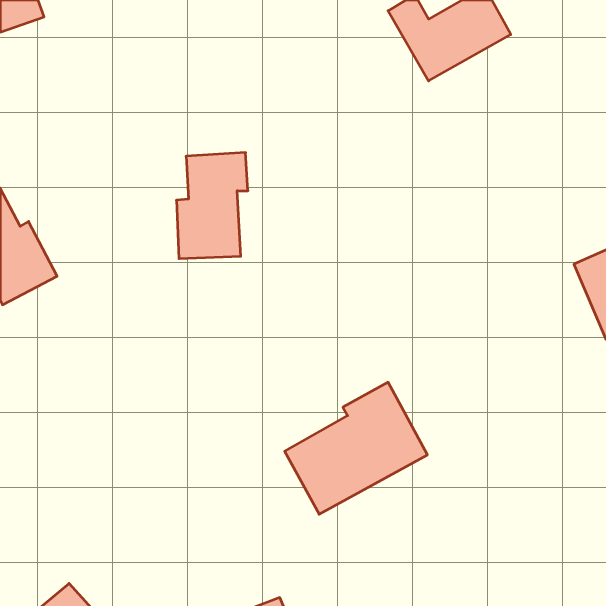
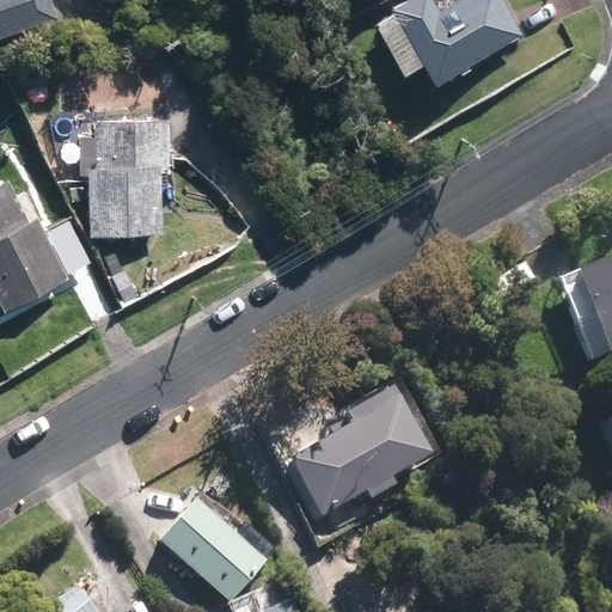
building: [176,153,248,259] -> [88,127,160,233]
building: none -> [159,501,261,594]

